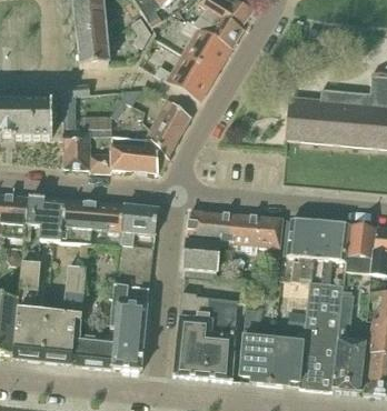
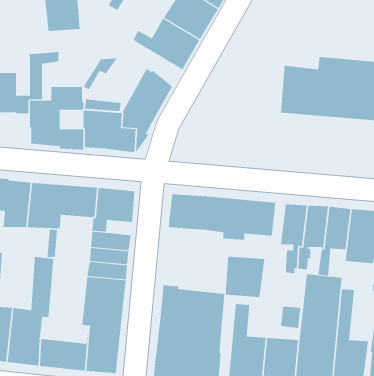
building: [185,240,220,277] -> [225,256,265,297]

